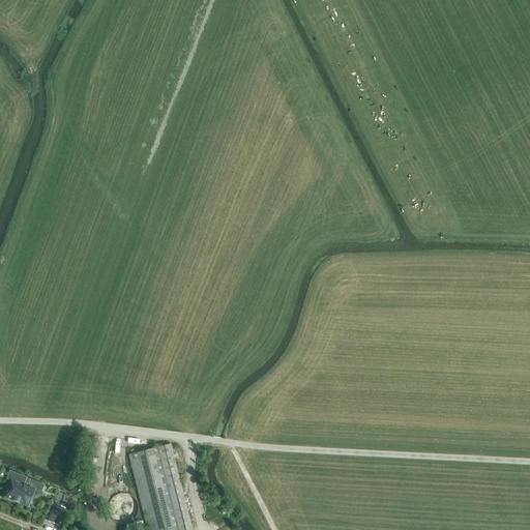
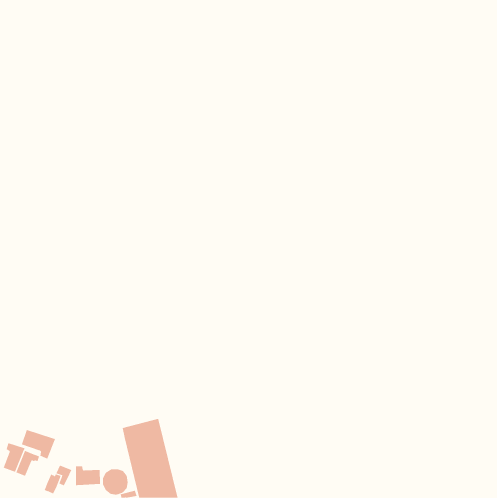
building: none -> [21,429,56,459]
building: none -> [76,465,101,486]

